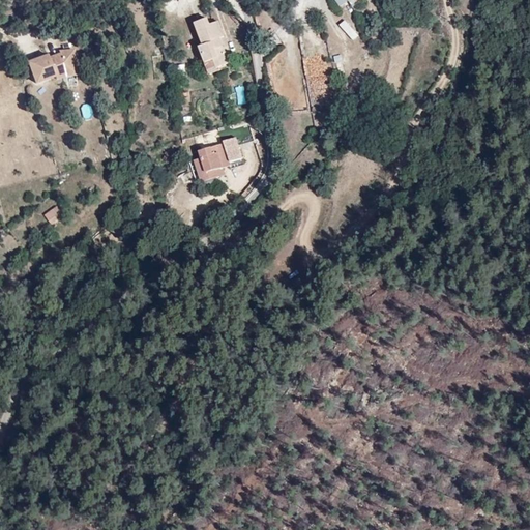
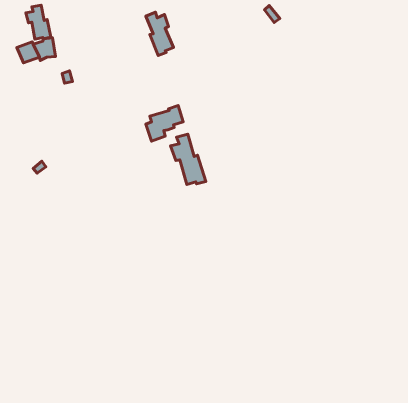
building: none -> [26,5,51,39]
building: none -> [171,134,206,184]

